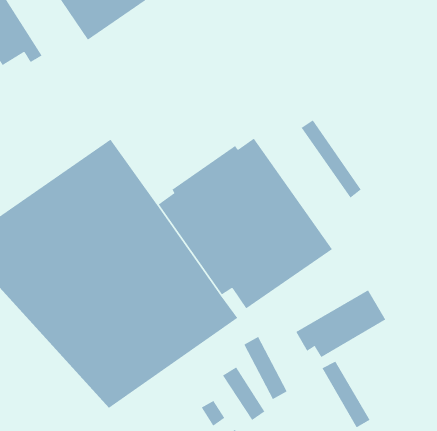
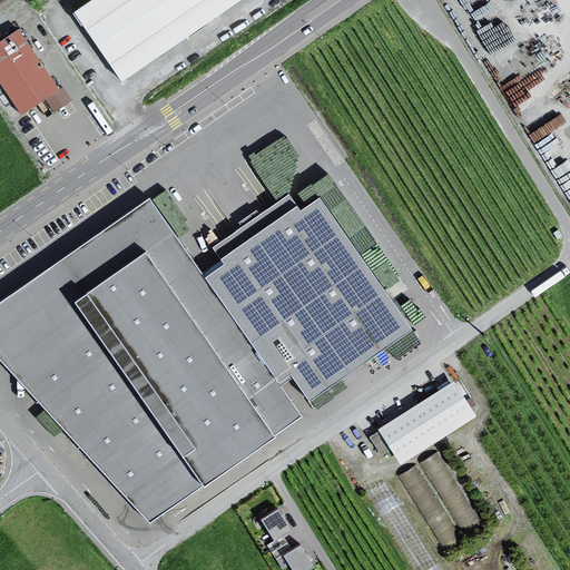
building: [301,119,362,198] -> none
building: [244,336,288,400] -> [421,449,473,524]
building: [222,366,265,421] -> none

